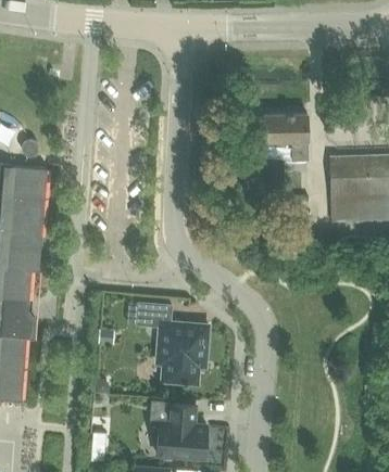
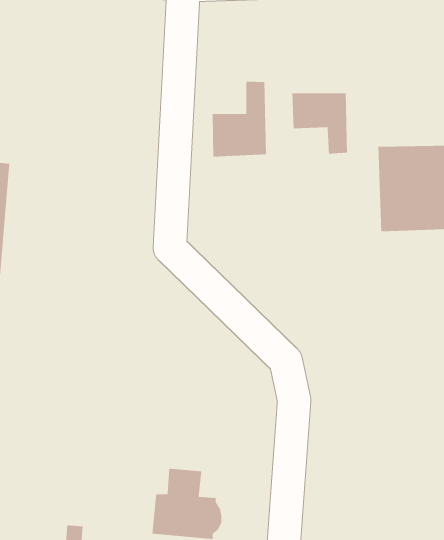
building: none -> [212,81,267,158]
building: [137,304,208,385] -> none

